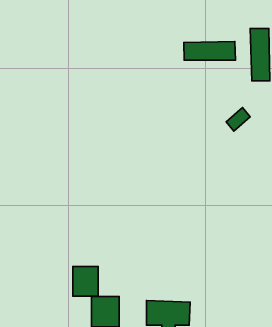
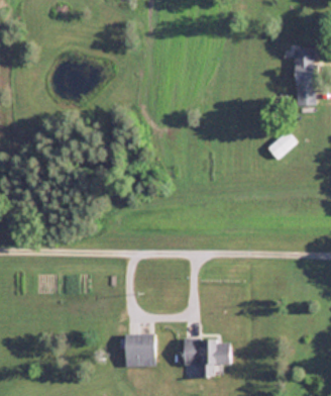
building: [184,42,235,60] -> none
building: [73,267,98,296] -> none

